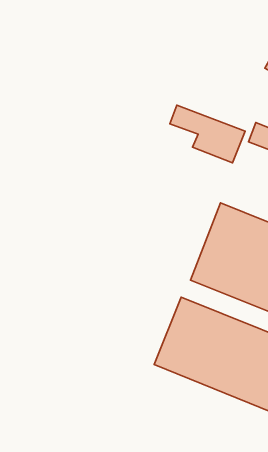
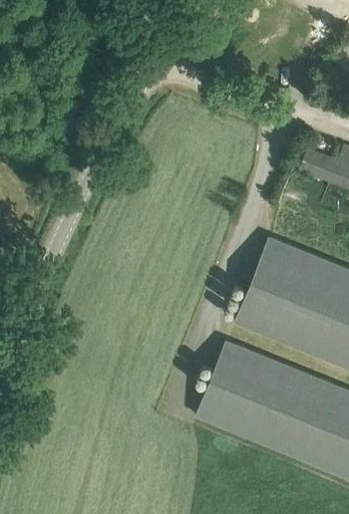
building: [170,105,245,163] -> none

